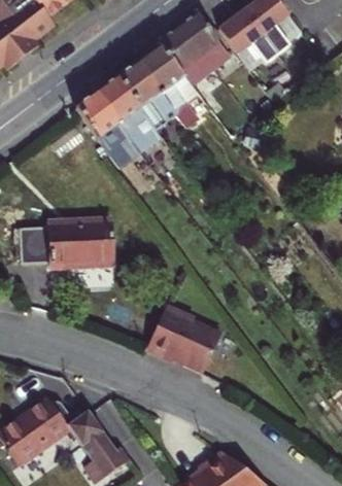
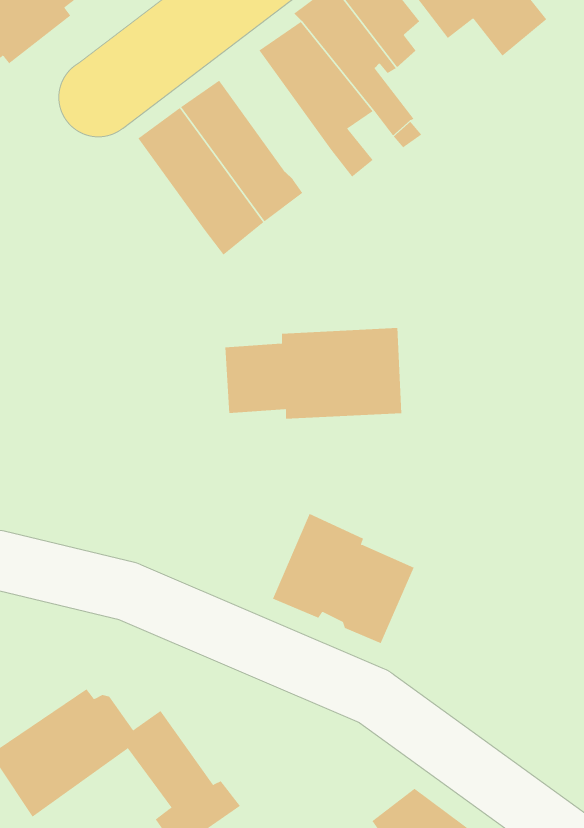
building: [117,61,176,129] -> none
building: [19,218,112,267] -> [225,328,402,419]

